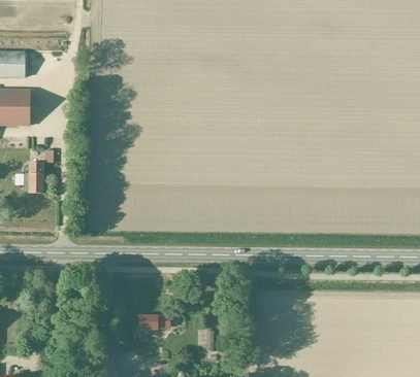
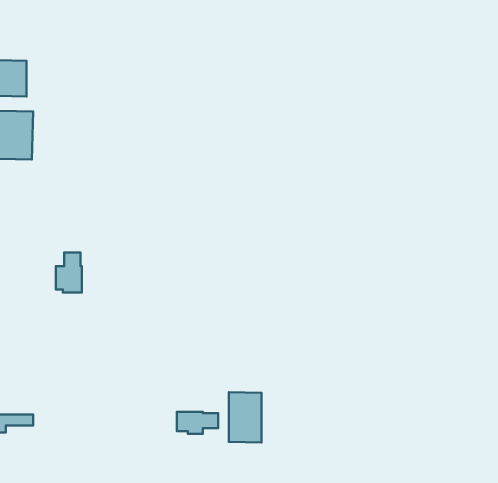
building: [24,163,43,193] -> [56,253,82,292]
building: none -> [229,392,261,442]

